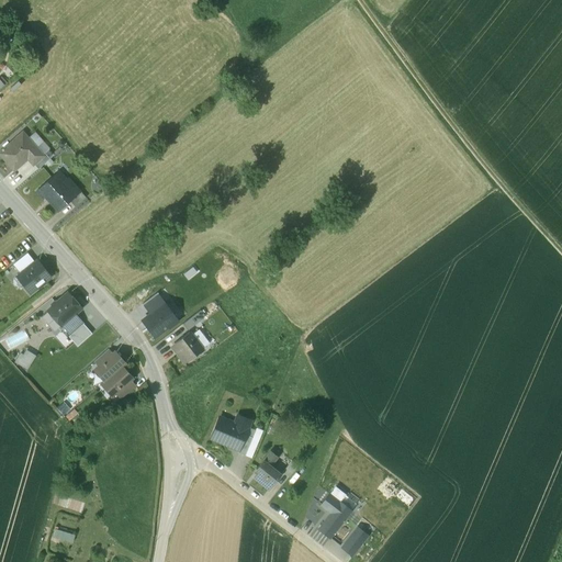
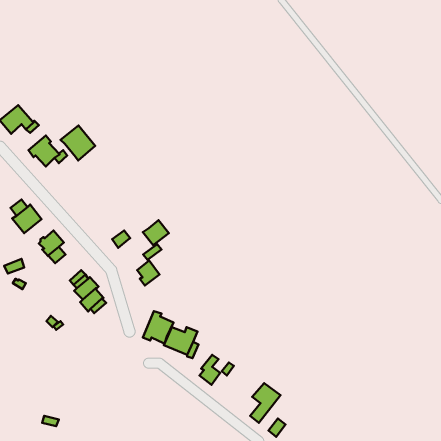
building: none -> [60,125,95,160]
building: [143,305,176,337] -> [143,220,169,245]
building: none -> [143,311,173,344]

